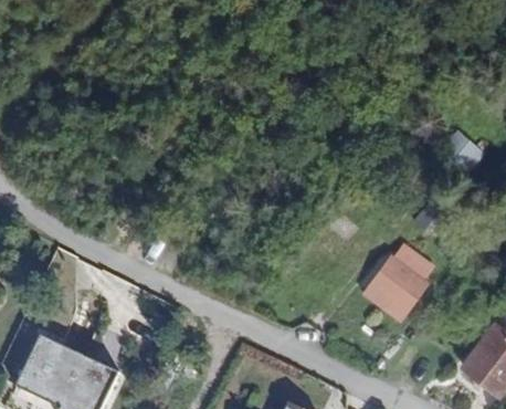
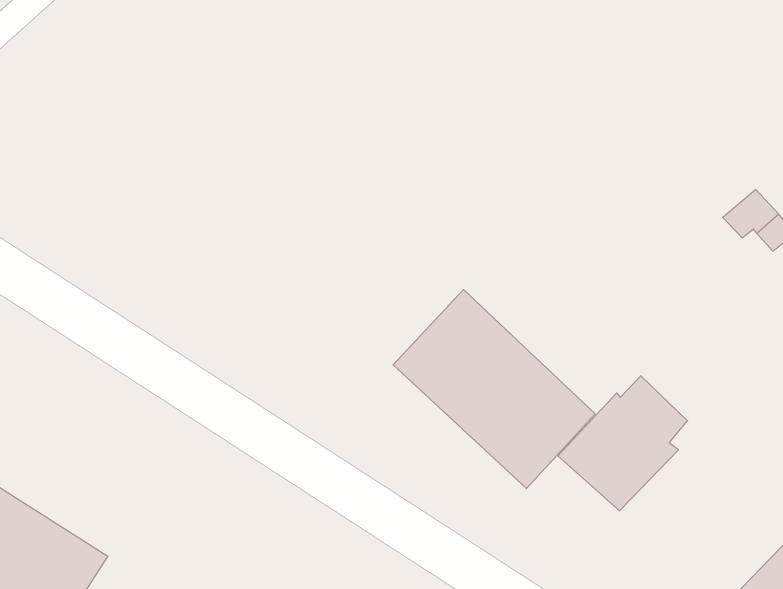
building: none -> [393,290,595,489]

